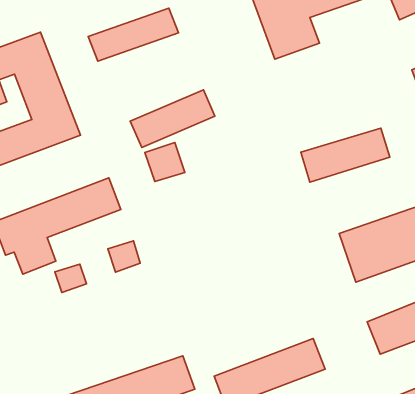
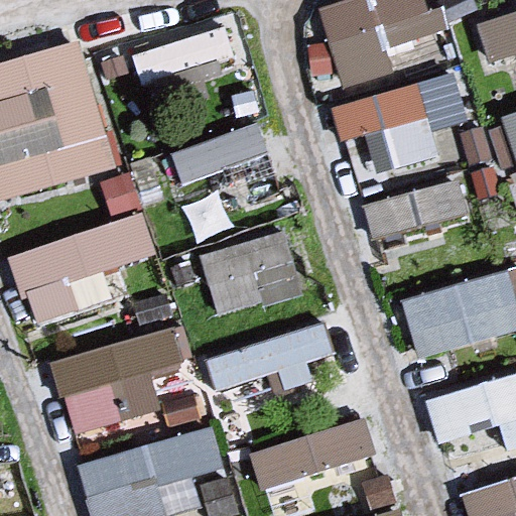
building: none -> [331,76,467,167]
building: none -> [199,232,292,313]
building: none -> [205,322,334,390]
building: none -> [53,327,194,436]

